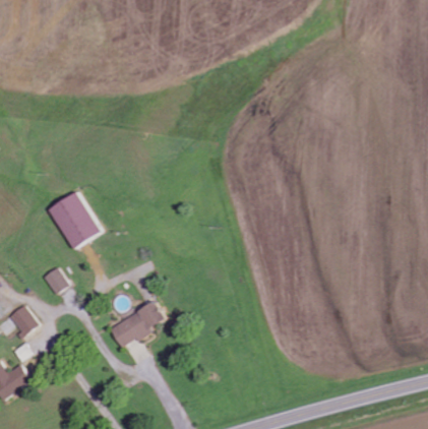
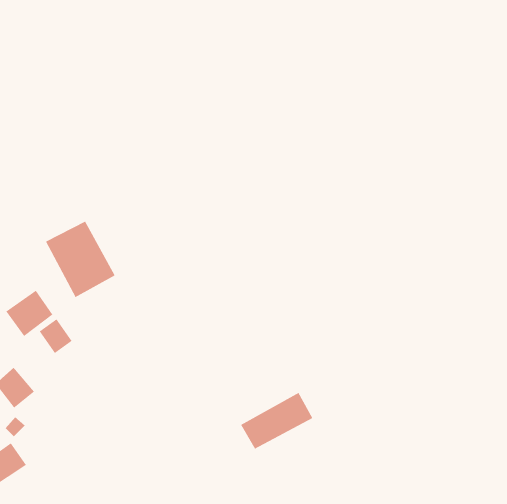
building: none -> [6,290,53,337]
building: [110,302,167,347] -> [240,392,313,449]

